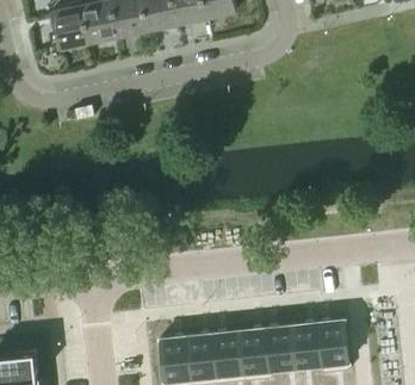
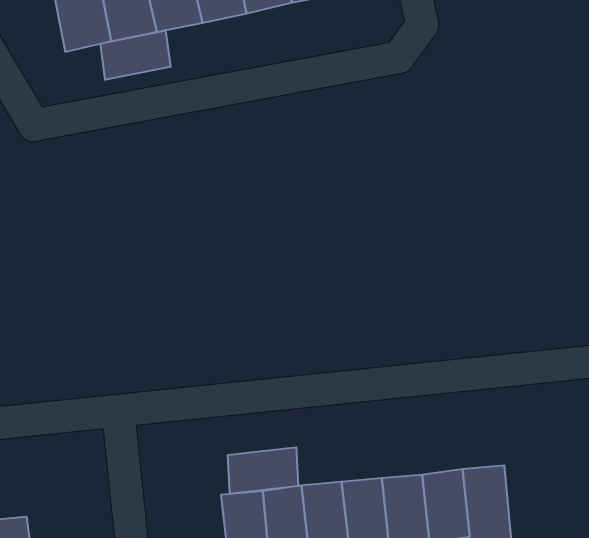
building: none -> [100,31,170,80]
building: none -> [228,447,298,494]

